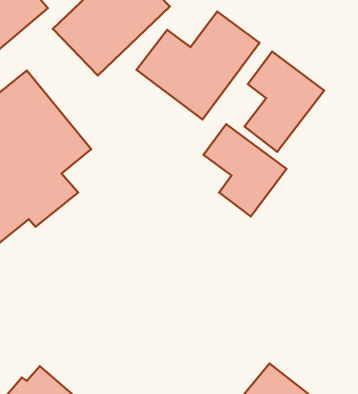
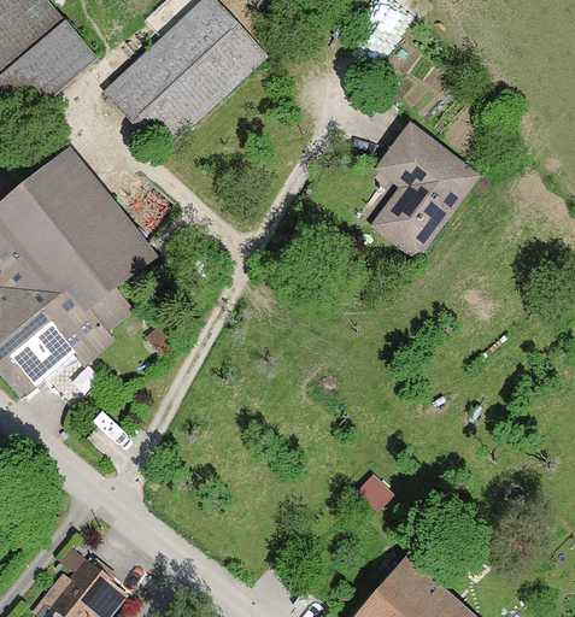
building: [137,12,259,119] -> none
building: [204,124,287,216] -> none

